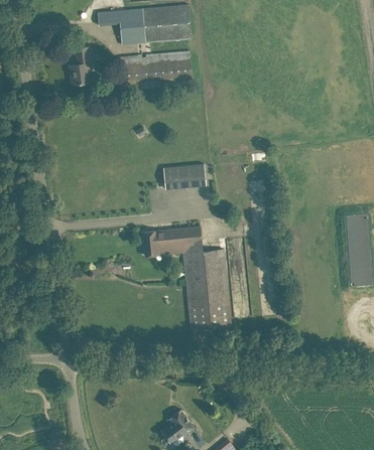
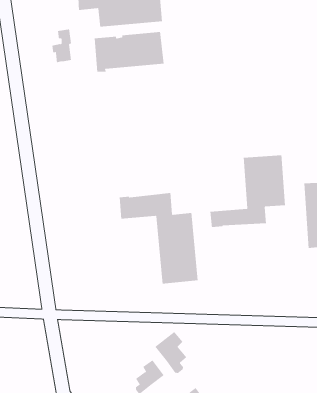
building: [163,163,207,188] -> none
building: none -> [210,155,286,228]
building: none -> [154,331,187,374]

